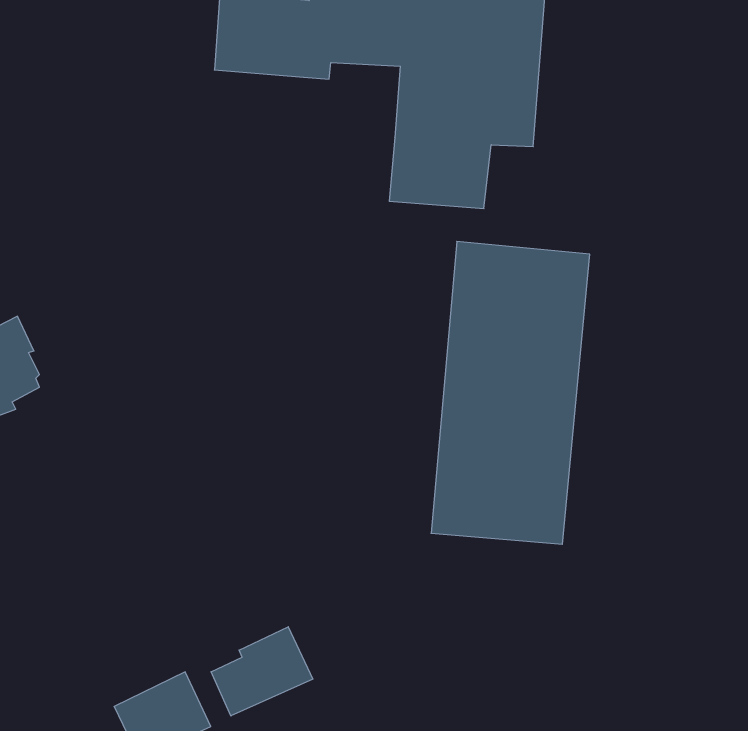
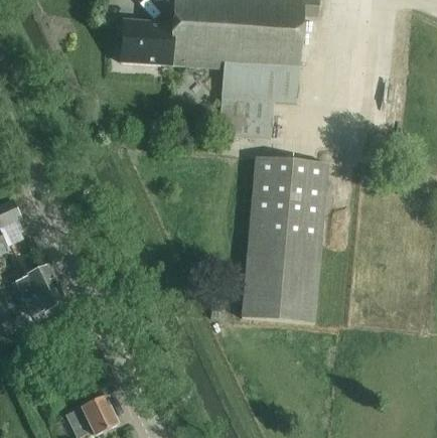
building: none -> [16,263,66,316]
building: [211,627,313,716] -> none

